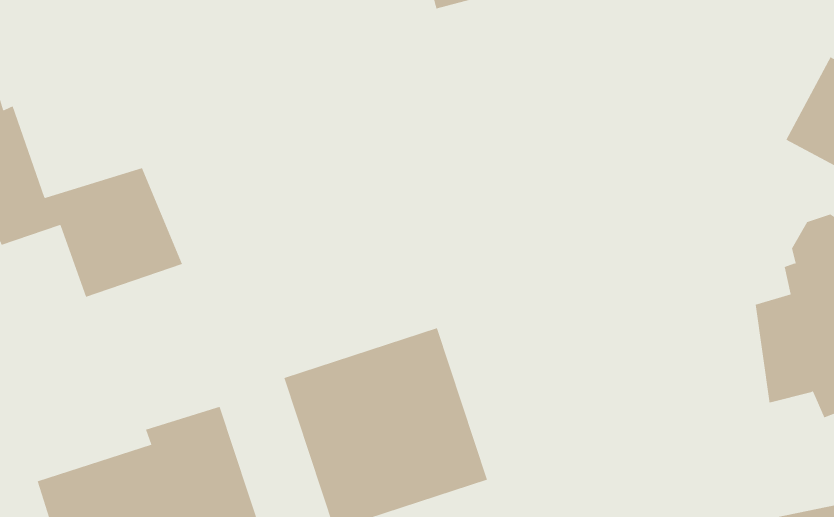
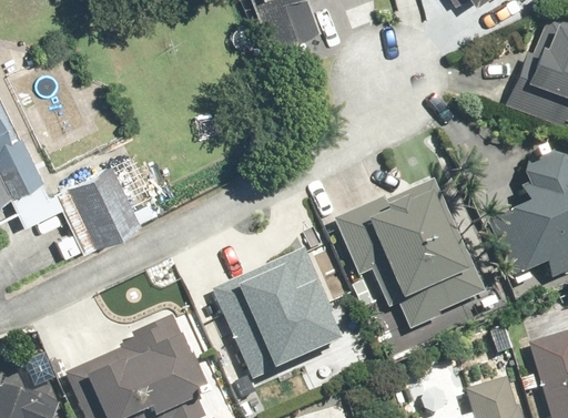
building: none -> [335,181,484,328]

